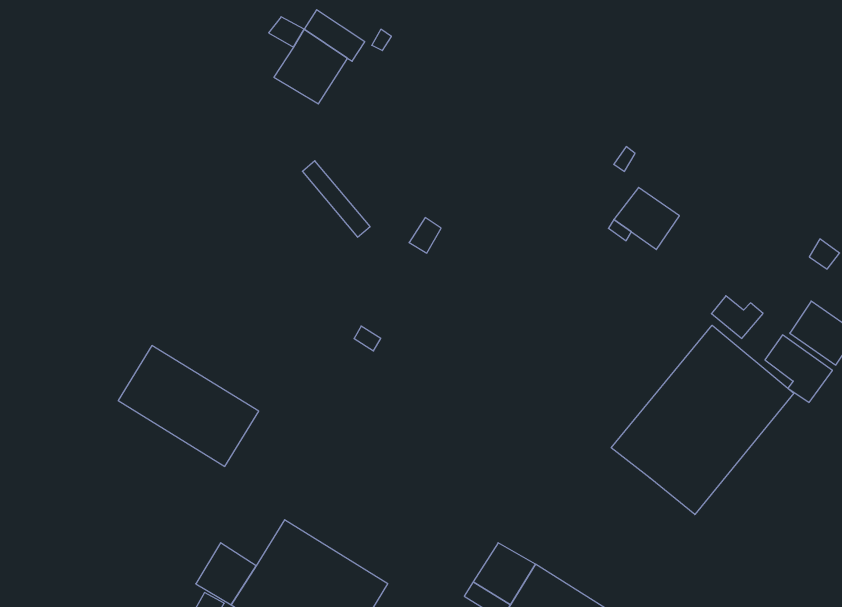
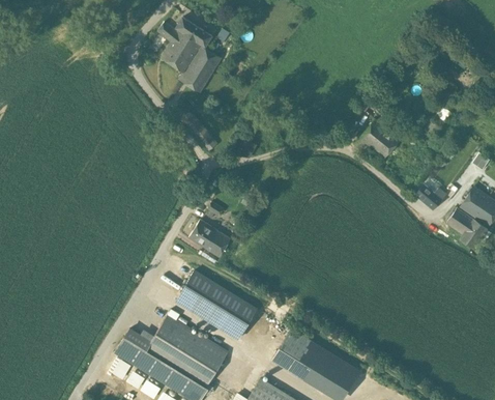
building: none -> [182,48,222,93]
building: [611,325,794,515] -> none
building: [118,346,259,466] -> [176,270,258,341]
building: none -> [190,221,231,258]

